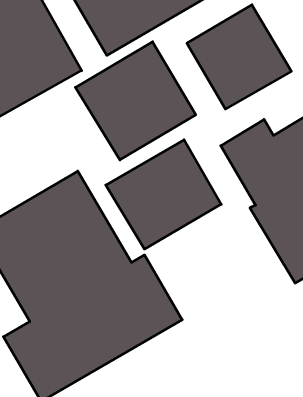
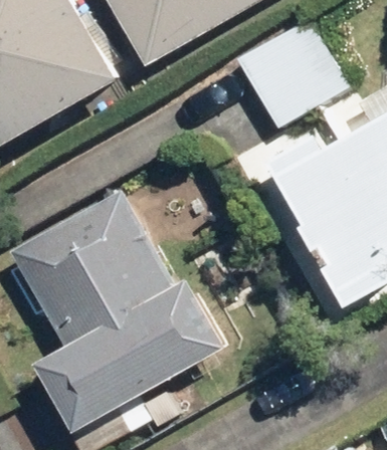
building: [75,42,196,160] -> none
building: [106,140,221,249] -> none

